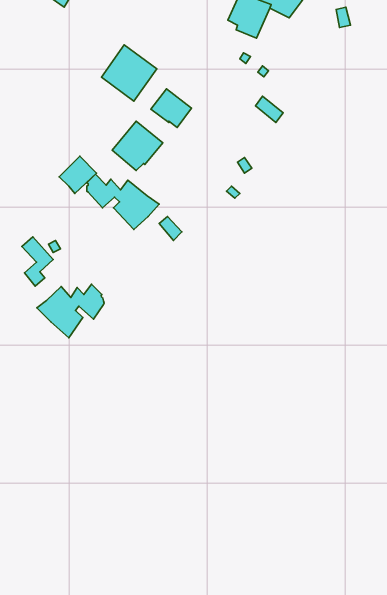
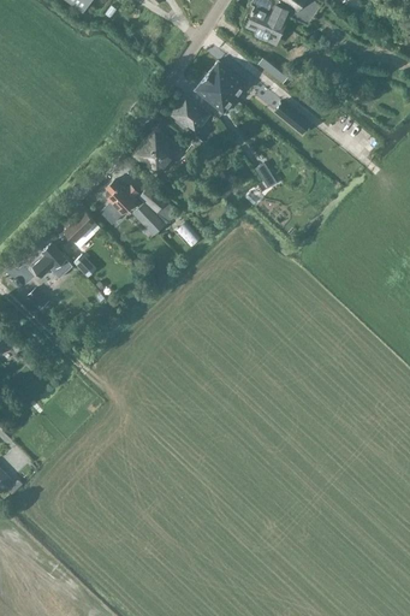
building: [101,45,157,101] -> [190,54,245,111]
building: [59,156,97,194] -> [64,209,101,247]
building: [37,284,104,338] -> none

